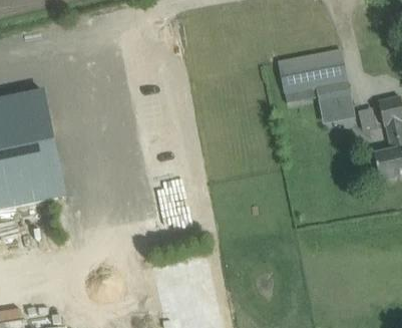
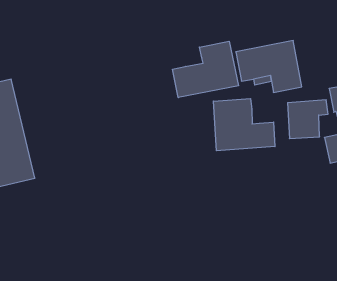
building: none -> [173,41,238,98]
building: none -> [213,99,275,151]

